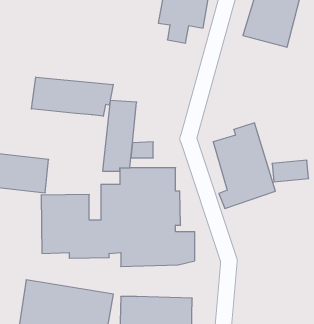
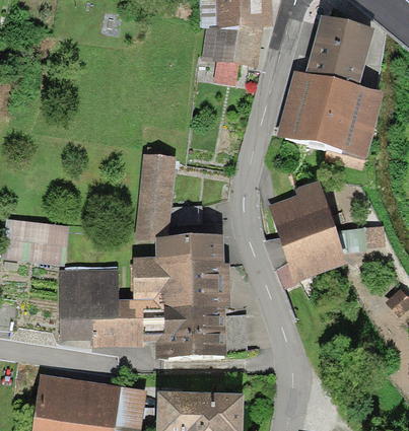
building: none -> [277,72,383,158]
building: [31,77,113,116] -> none

